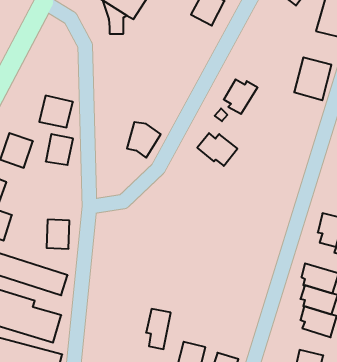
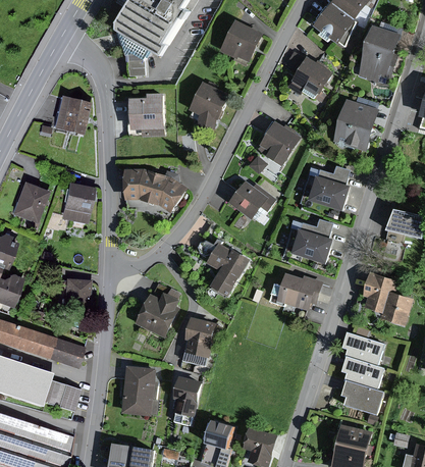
building: none -> [286,59,327,100]
building: none -> [192,81,229,125]
building: none -> [126,96,164,135]
building: [39,96,73,127] -> [45,98,83,134]
building: none -> [125,167,158,202]
building: none -> [307,171,352,209]
building: none -> [290,224,334,263]
building: none -> [207,245,247,298]
building: none -> [267,275,329,308]
building: none -> [139,284,177,335]
building: none -> [181,325,212,366]
building: none -> [124,368,157,414]

